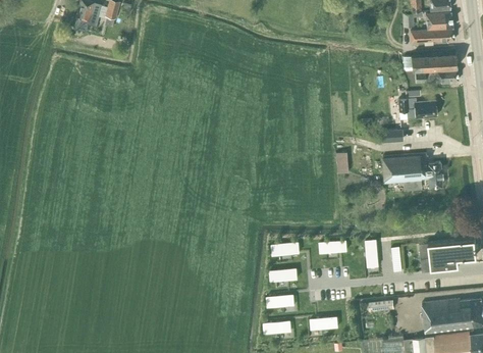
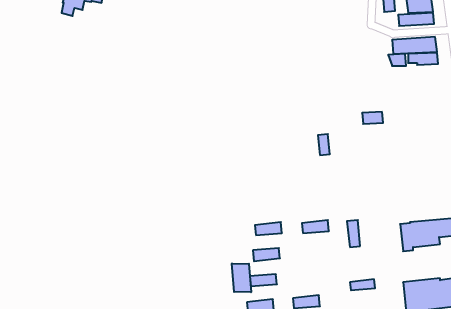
building: [397,98,436,118] -> none
building: [382,153,441,188] -> none
building: none -> [232,263,251,292]

